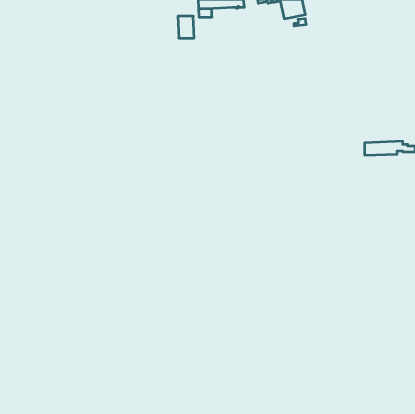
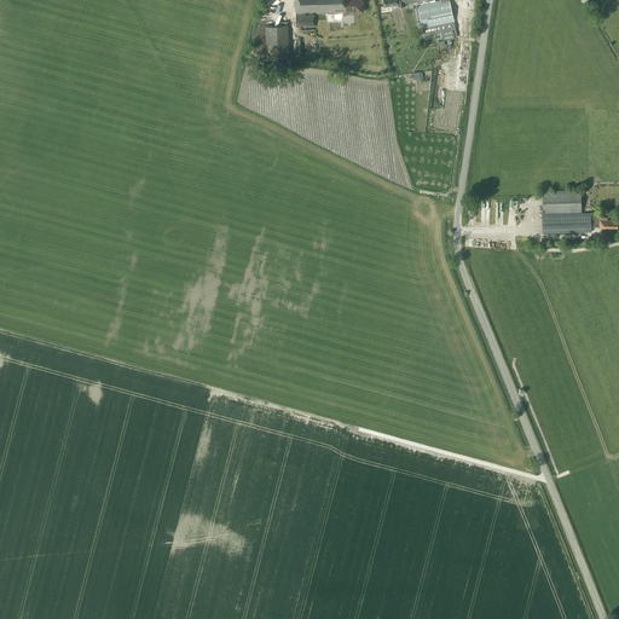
building: none -> [543,187,582,212]

